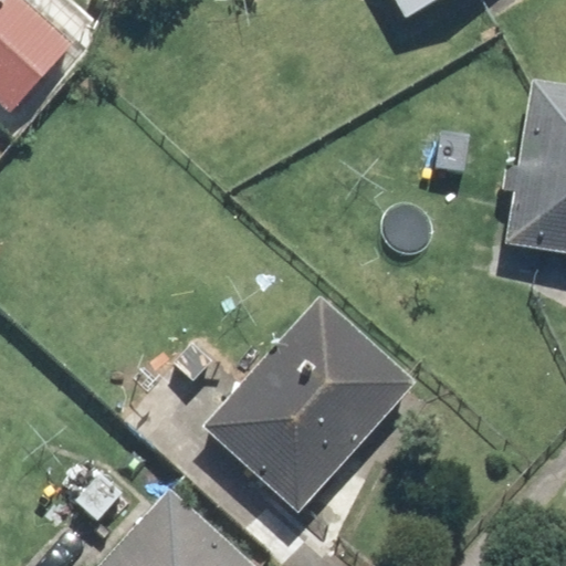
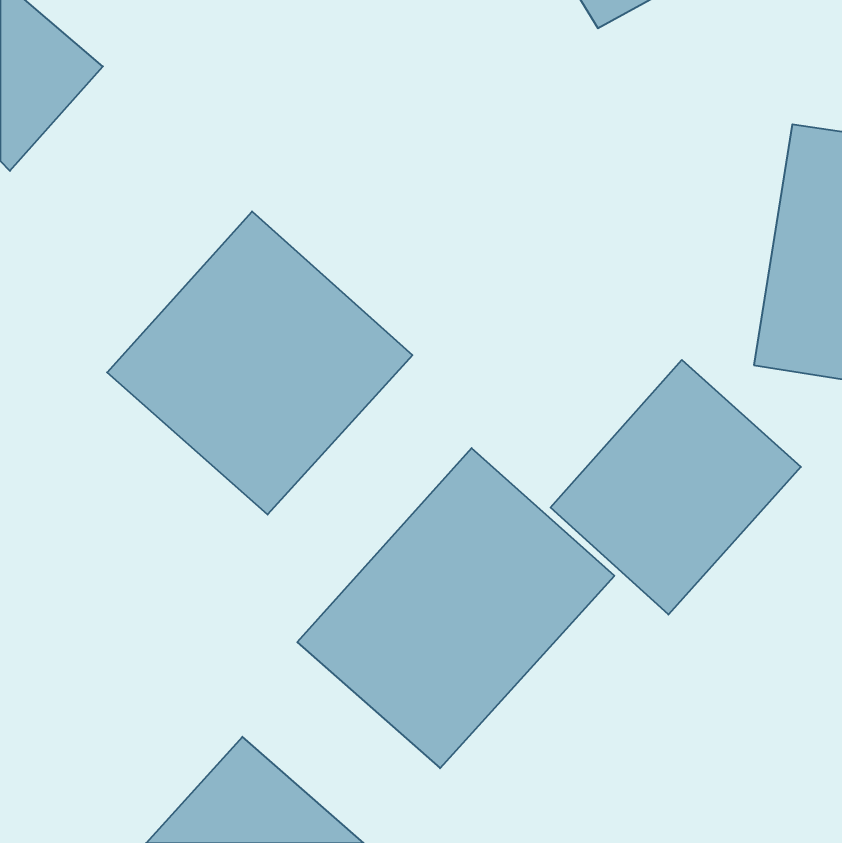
building: none -> [107,211,412,515]
building: none -> [551,360,801,615]

